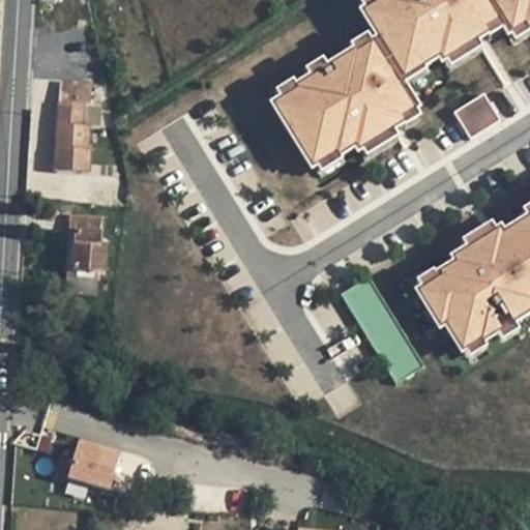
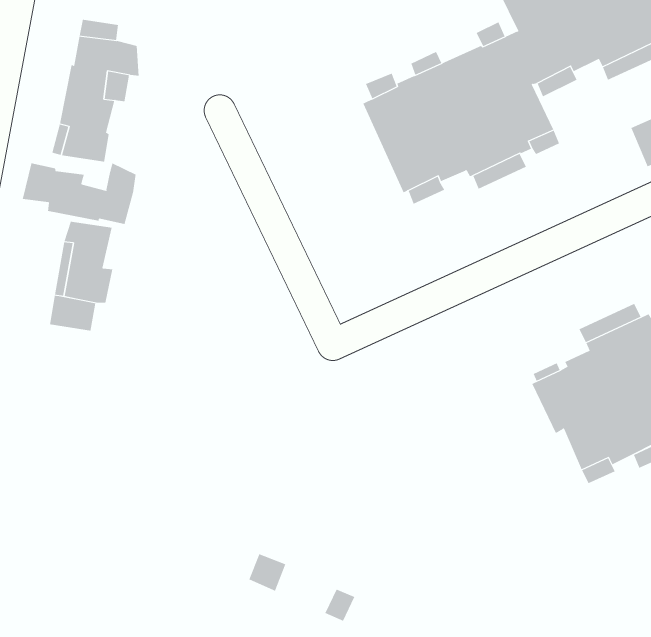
building: none -> [22,162,136,225]
building: [341,272,424,379] -> none
building: [67,442,119,488] -> none

